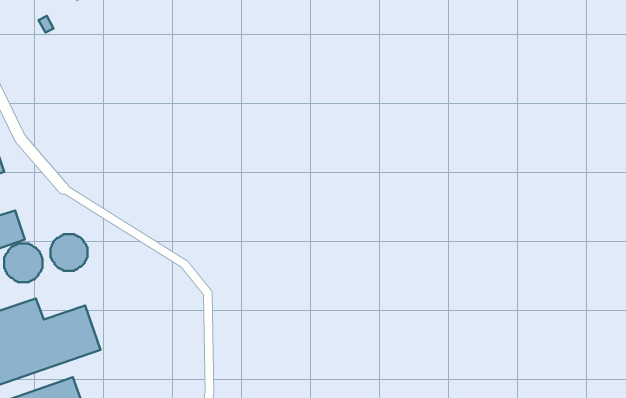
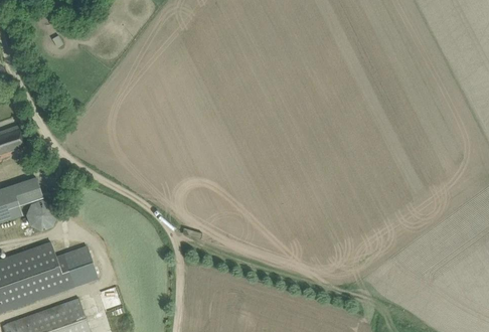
building: [50,234,87,271] -> none

